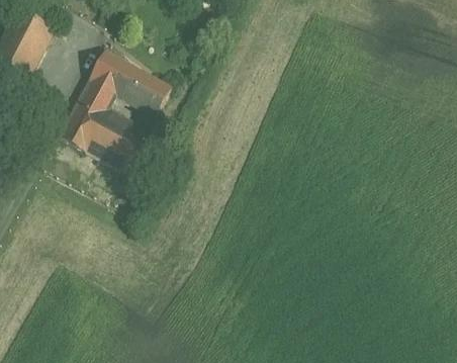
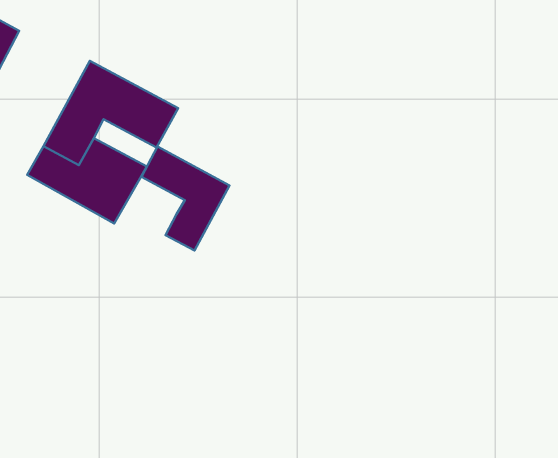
building: none -> [141,147,229,251]

